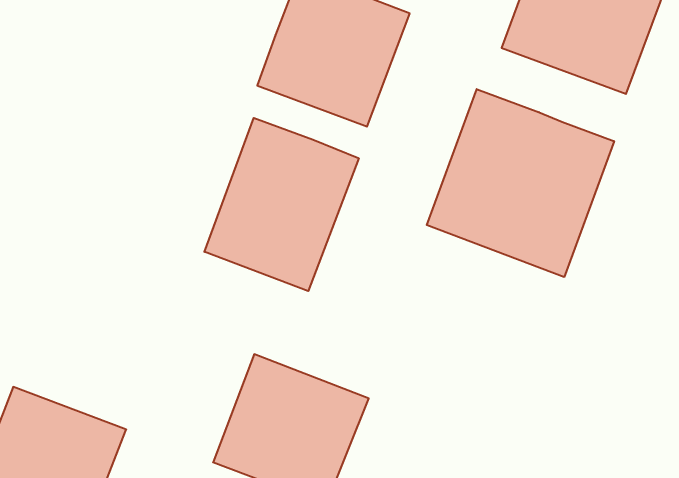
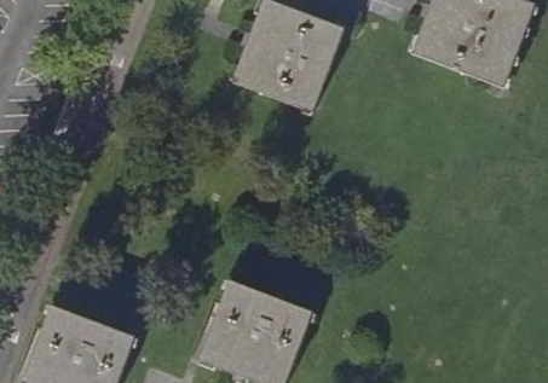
building: [427,89,614,277] -> none
building: [204,118,359,291] -> none

